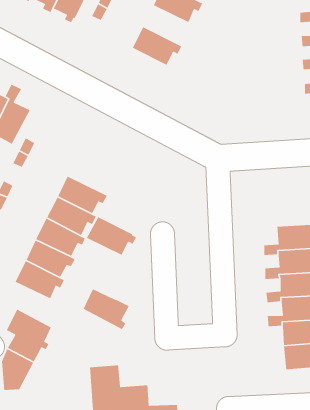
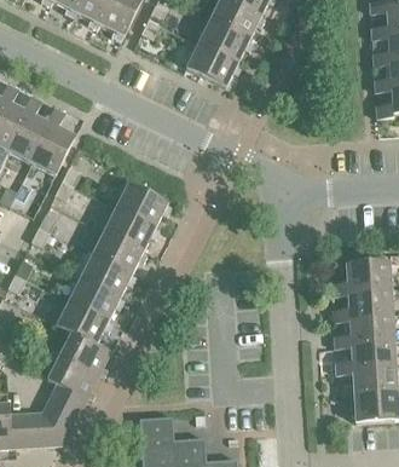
building: none -> [198,19,254,62]
building: [86,216,137,256] -> [115,183,172,226]
building: [83,288,130,330] -> [59,330,111,376]

